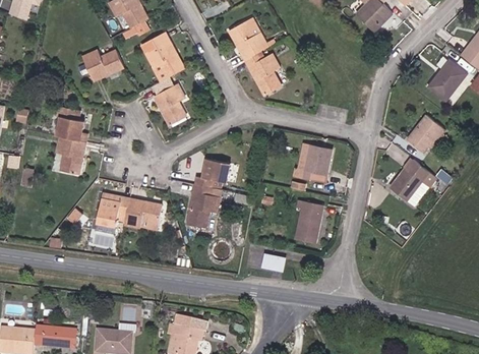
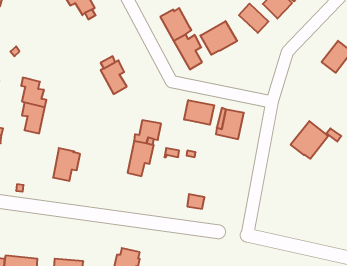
building: none -> [239,4,268,33]
building: [140,33,183,81] -> none
building: none -> [200,21,237,55]
building: [80,49,123,82] -> none
building: [406,115,444,153] -> none
building: none -> [184,100,214,125]
building: [124,199,162,230] -> none
building: [295,200,322,243] -> none

